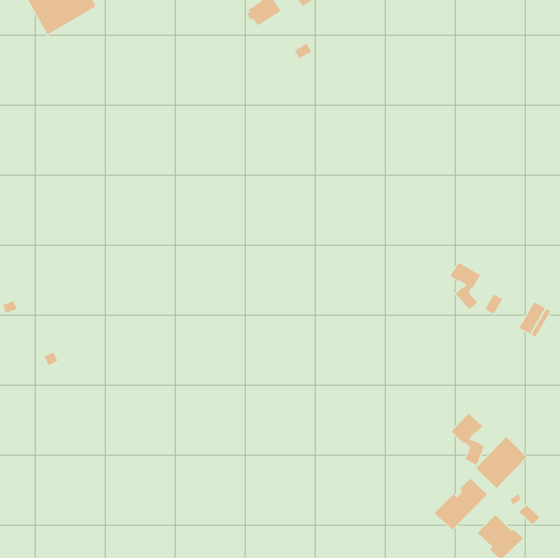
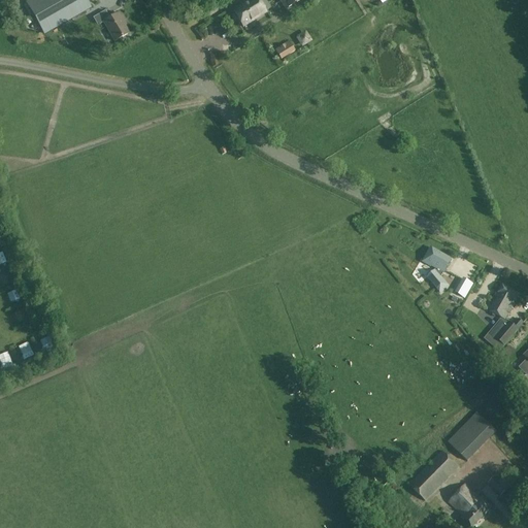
building: none -> [93,9,129,39]
building: none -> [486,320,518,350]
building: [451,413,485,466] -> none

